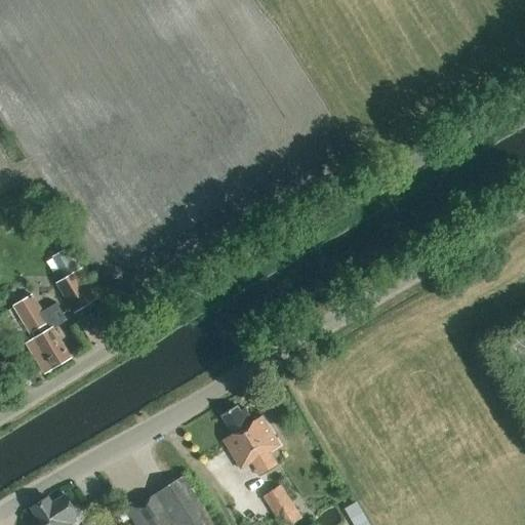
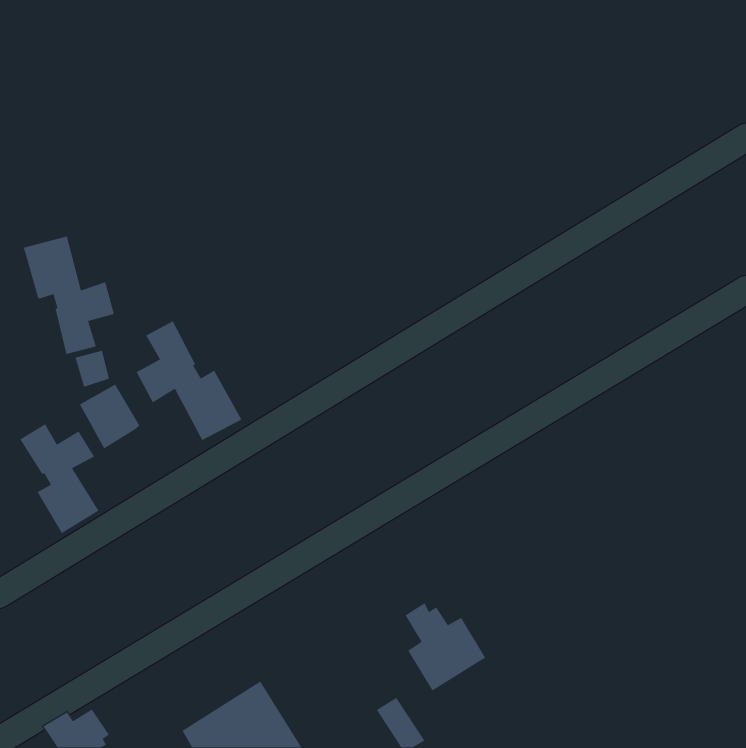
building: none -> [23,236,115,355]
building: none -> [135,320,243,441]
building: [221,407,279,470] -> [404,602,486,691]

